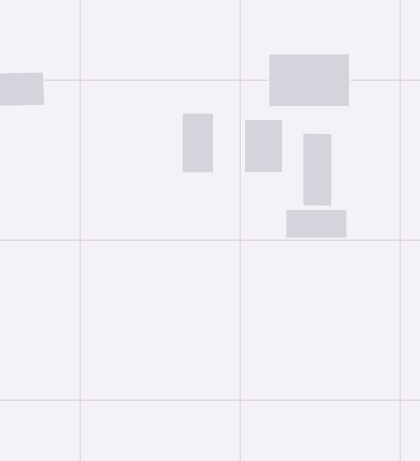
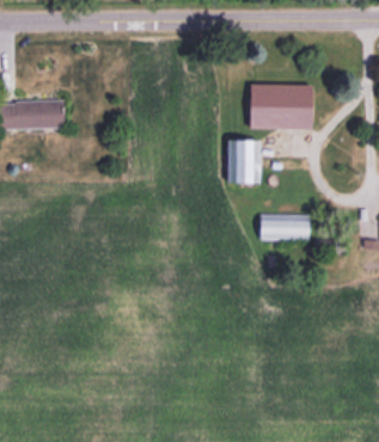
building: [182,113,213,173] -> none
building: [303,133,332,207] -> none

